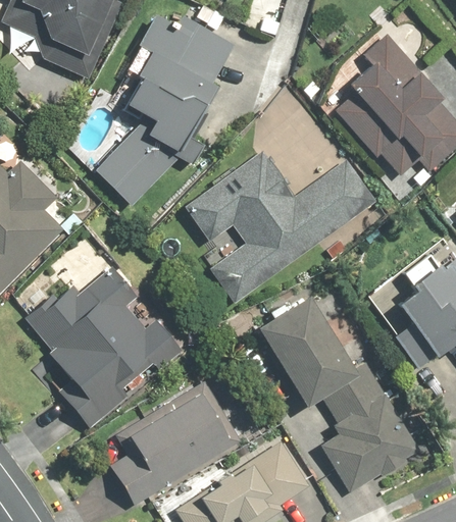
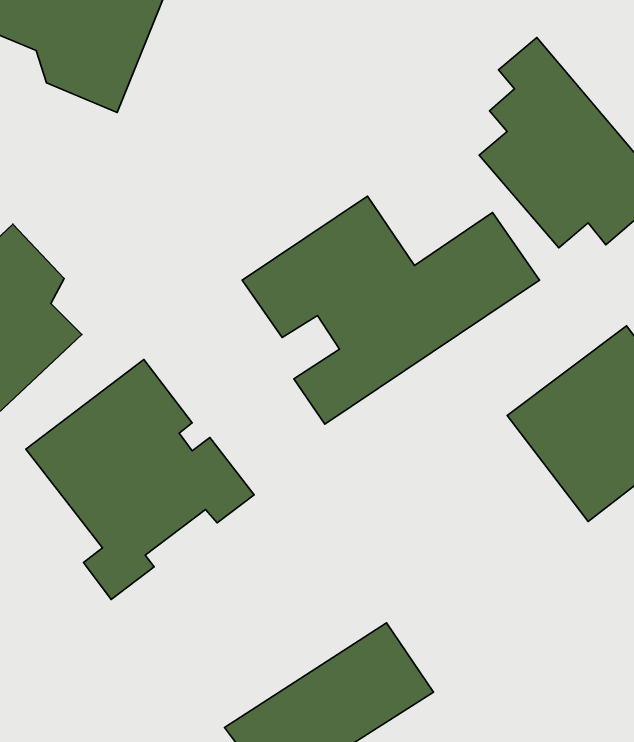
building: [89,13,232,208] -> none
building: [256,297,418,495] -> none
building: [109,370,257,501] -> none

